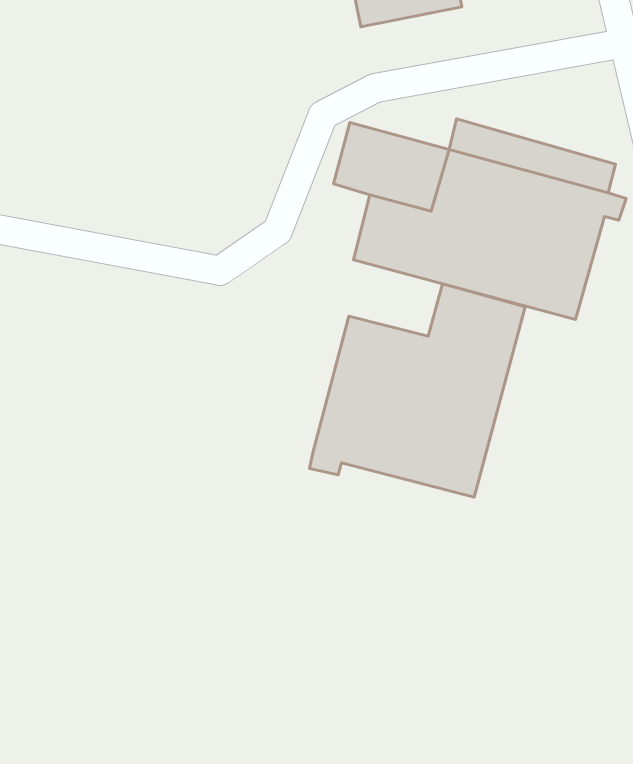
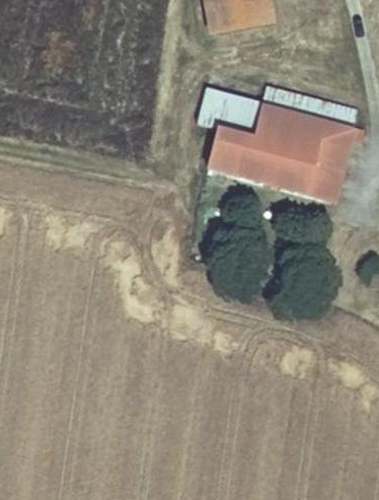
building: [309,284,525,497] -> none

